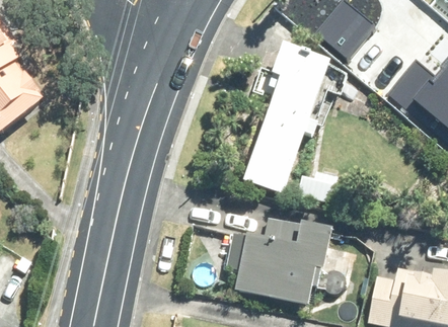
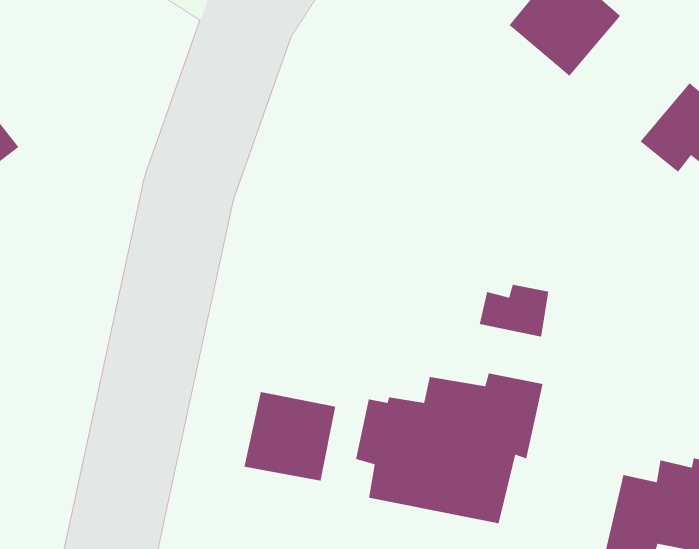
building: [243,38,332,192] -> none
building: none -> [244,391,336,481]

